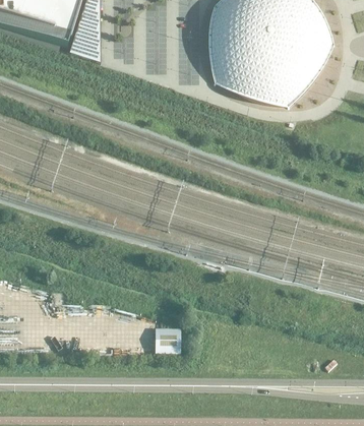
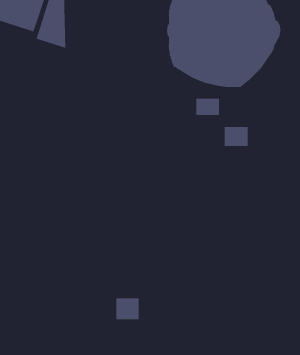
building: none -> [196,98,220,116]
building: none -> [224,126,248,147]

